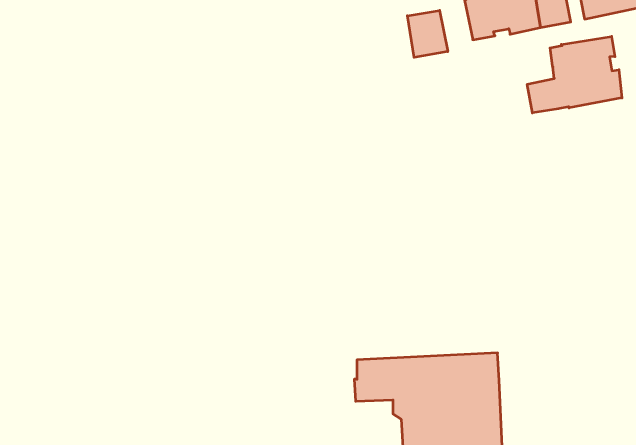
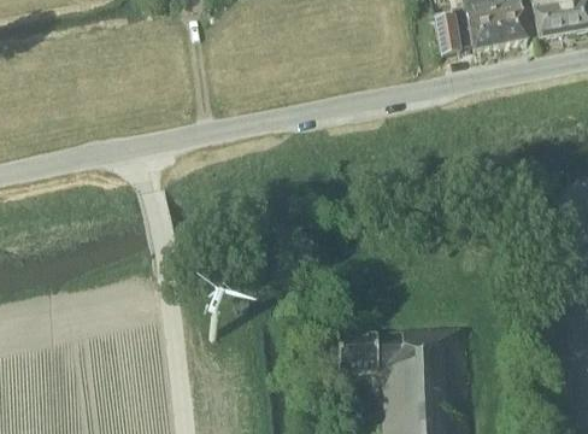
building: [407,10,448,57] -> none
building: [527,36,622,113] -> none

